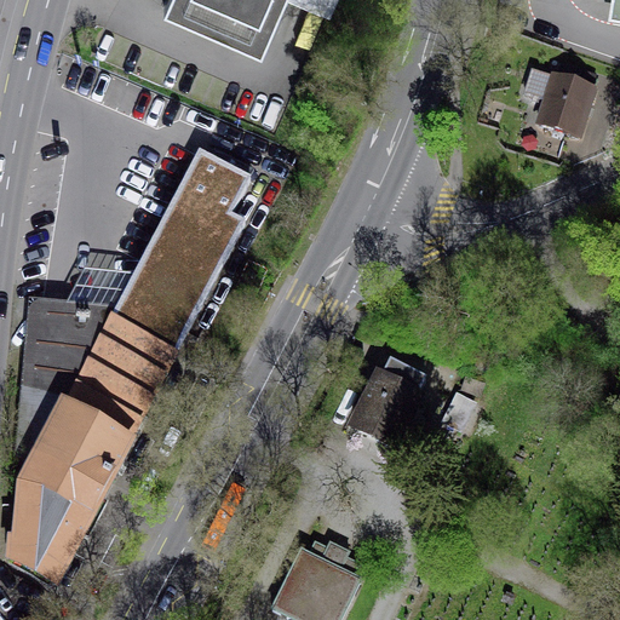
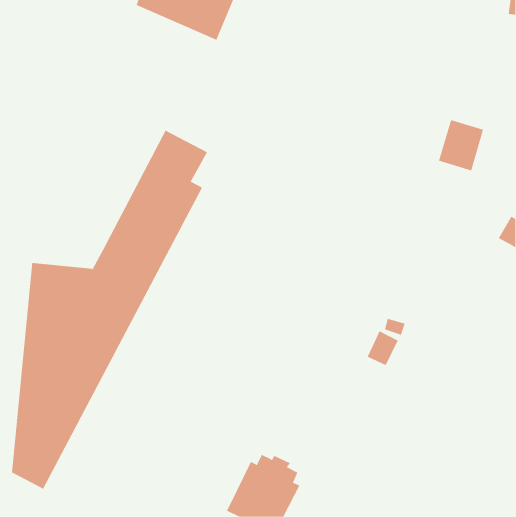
building: [538,74,592,136] -> [438,119,484,171]
building: [343,367,426,463] -> none

